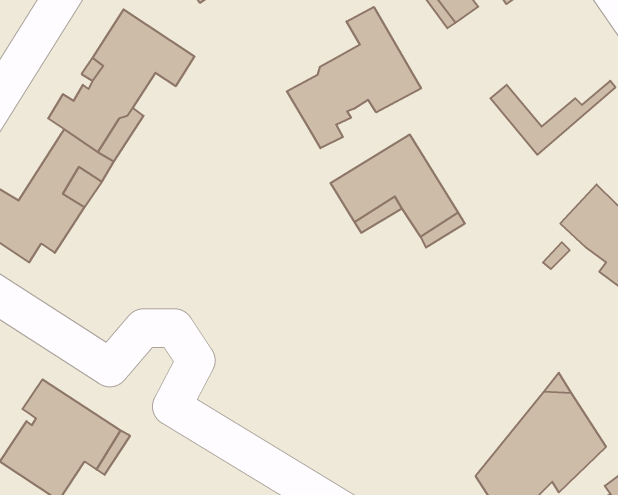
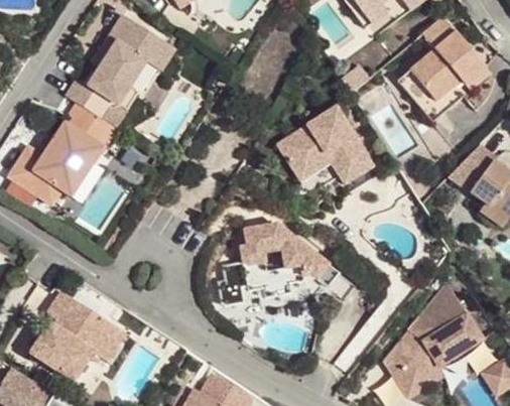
building: [287,7,421,148] -> none
building: none -> [409,15,487,101]
building: none -> [219,224,339,305]

